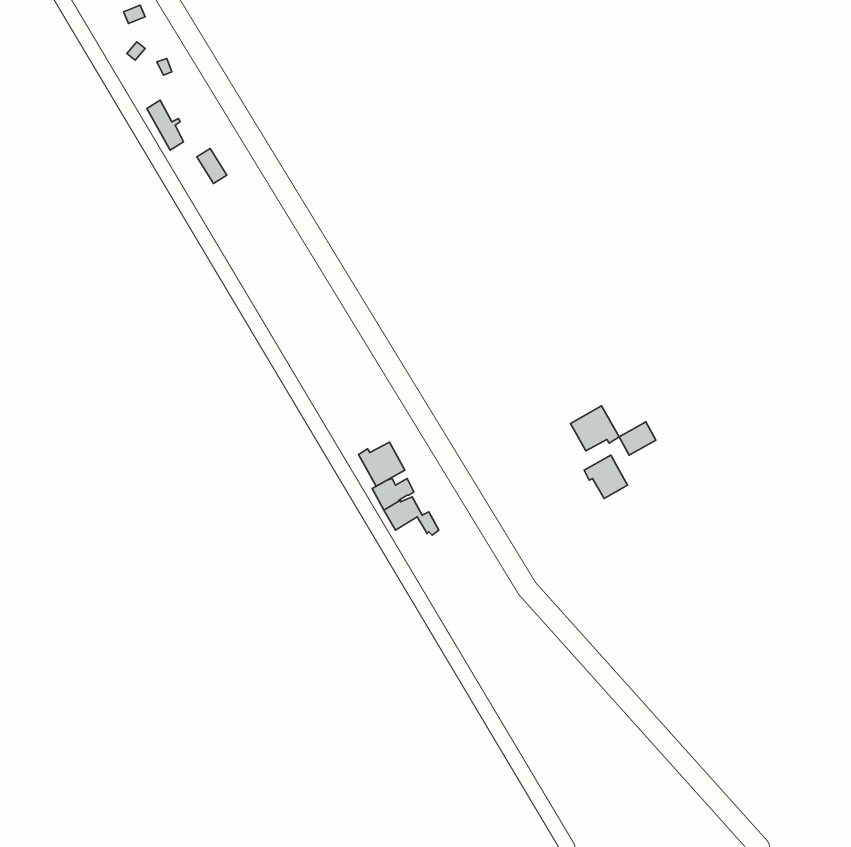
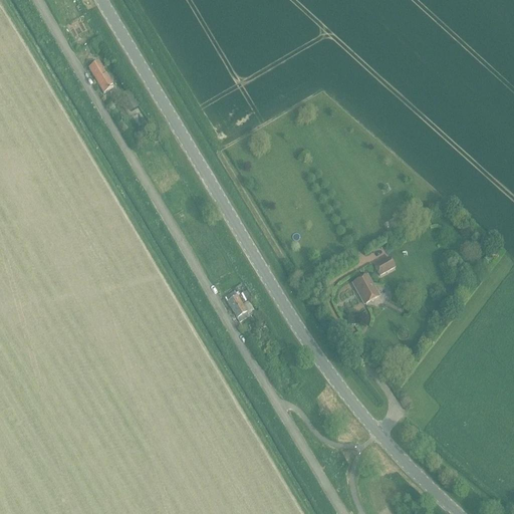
building: [571,406,619,451] -> none
building: [359,442,405,486] -> none

